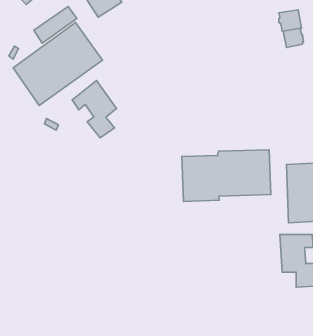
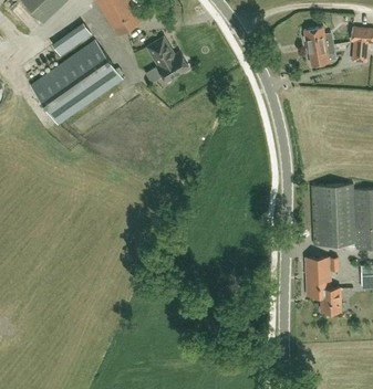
building: none -> [147,39,188,82]
building: [72,81,116,138] -> none
building: [182,150,271,201] -> none

